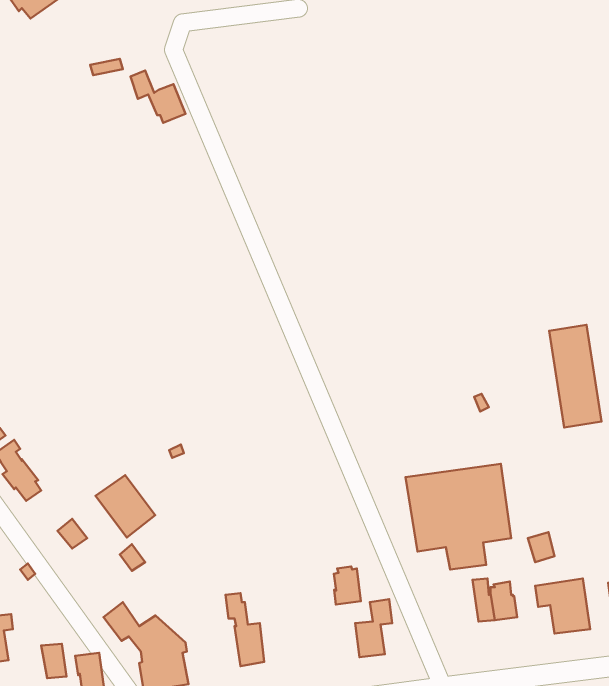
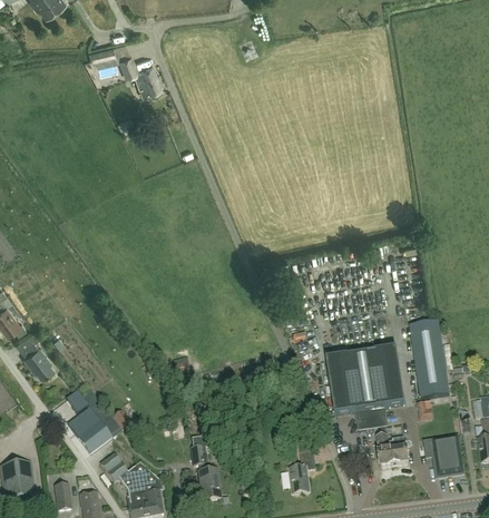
building: [549,325,601,428] -> [409,320,448,397]
building: [95,475,155,538] -> [66,405,110,452]
building: [334,566,361,604] -> none

